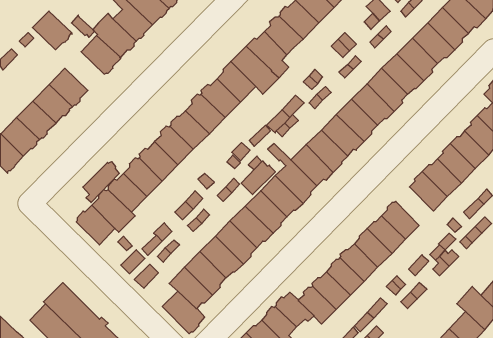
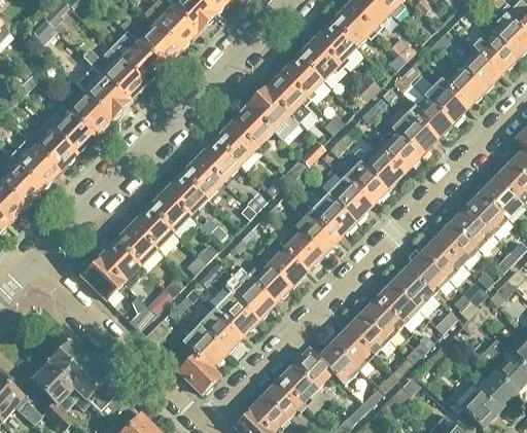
building: [32,11,72,50] -> [69,95,111,136]
building: [241,161,275,195] -> none
building: [83,162,119,203] -> none
building: none -> [422,239,462,280]

